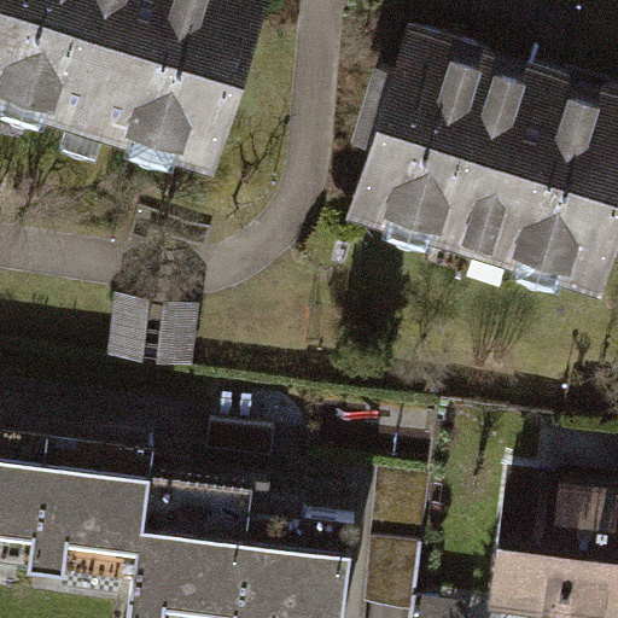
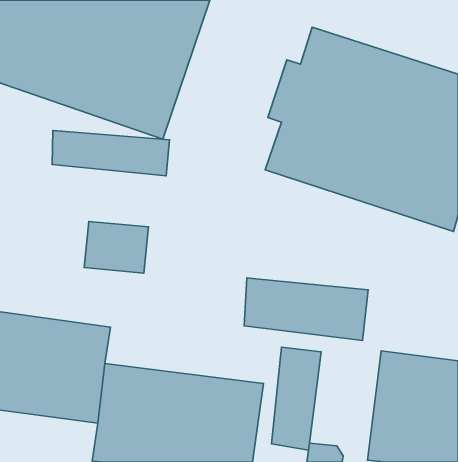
building: none -> [52,130,170,176]
building: none -> [244,278,368,340]

